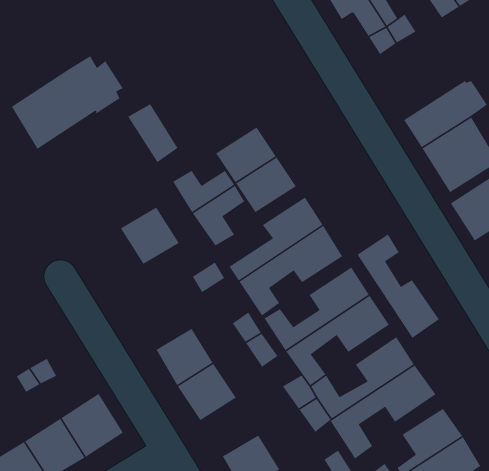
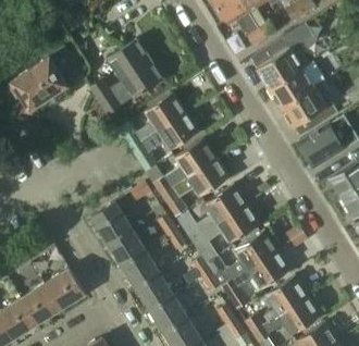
building: none -> [249,24,313,88]
building: none -> [109,37,161,102]
building: [120,207,180,265] -> [90,200,129,238]
building: [356,233,440,339] -> none
building: none -> [135,270,173,308]

